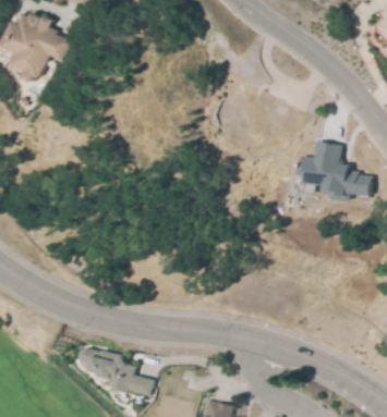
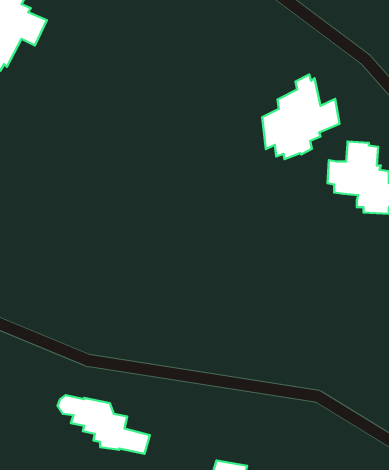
building: none -> [262,74,339,159]

